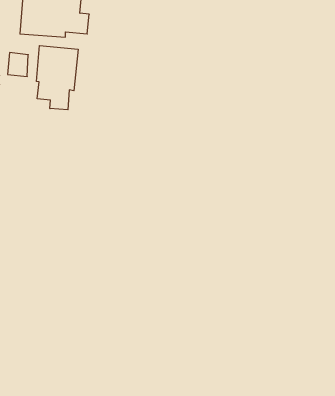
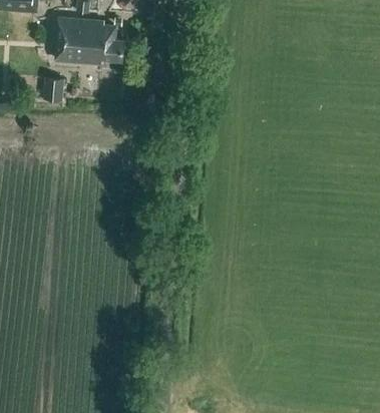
building: [36,46,78,110] -> none

